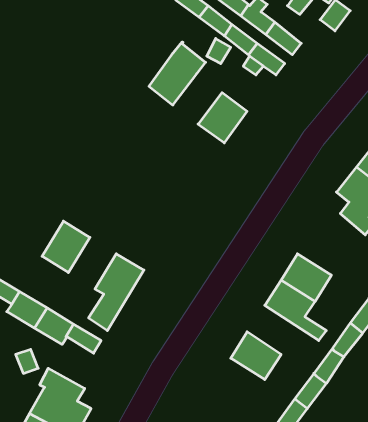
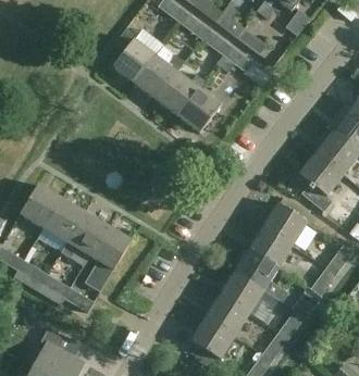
building: none -> [113,28,164,83]
building: none -> [157,72,199,115]
building: none -> [20,185,62,229]
building: none -> [264,203,309,246]
building: none -> [61,213,108,266]
building: none -> [221,272,283,314]
building: none -> [191,317,236,360]

